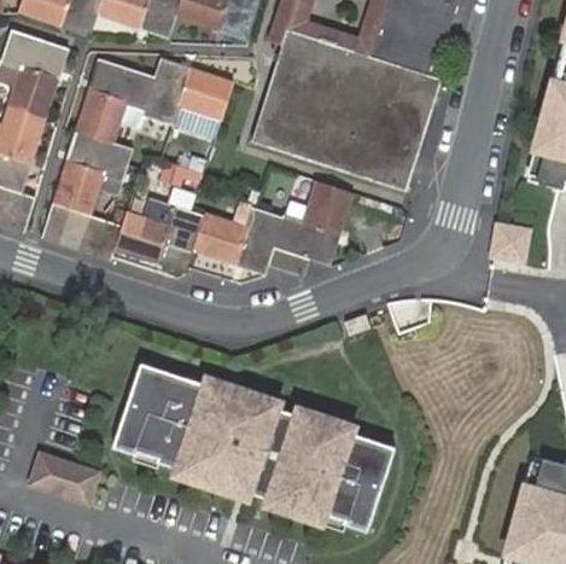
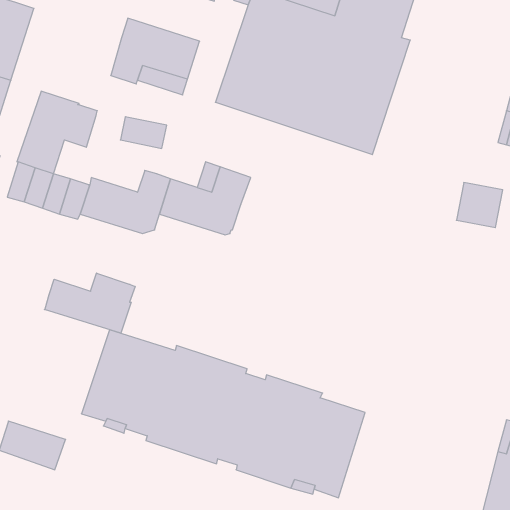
building: [76,58,156,141] -> none
building: [274,178,352,262] -> none
building: none -> [44,273,135,333]

